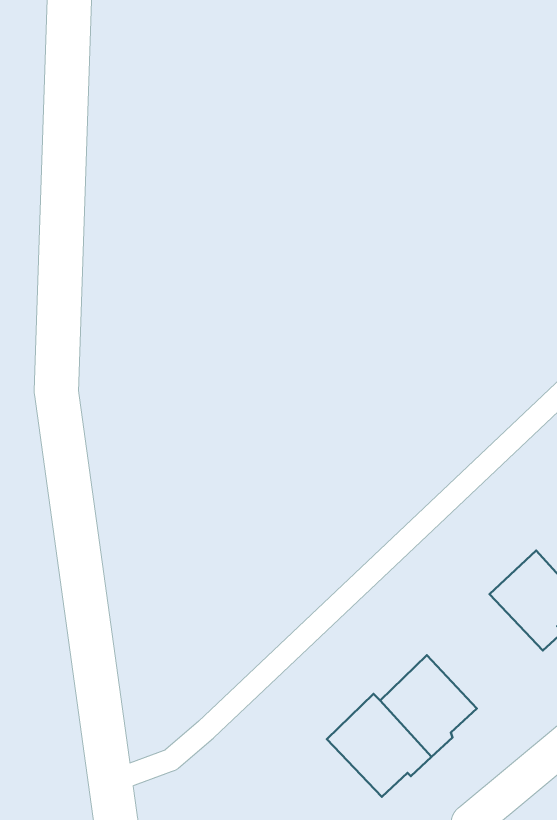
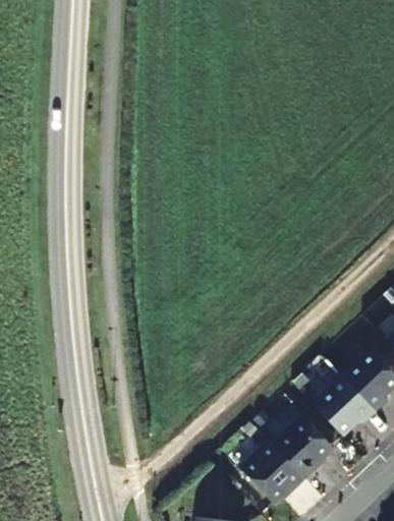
building: none -> [313,375,376,436]

